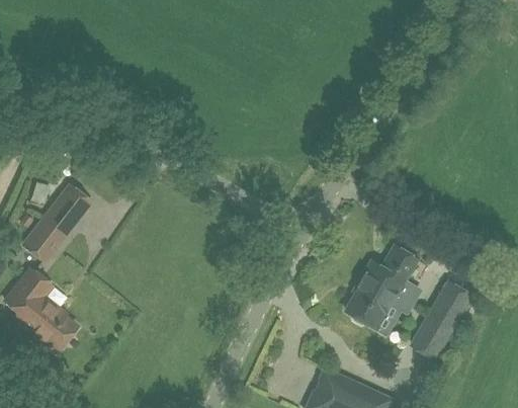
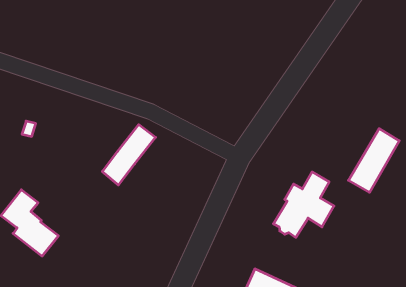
building: [24,185,91,261] -> [102,125,156,185]
building: [409,279,472,359] -> [348,129,399,192]

